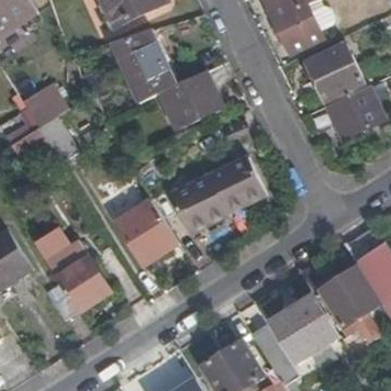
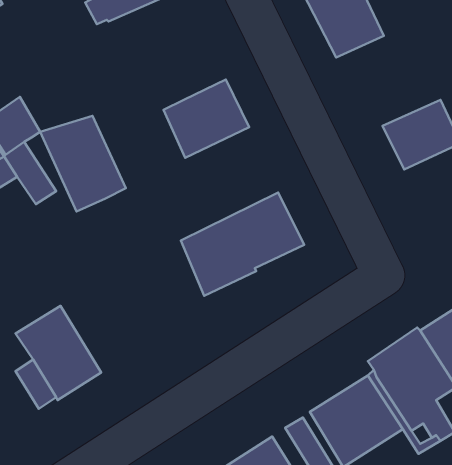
building: [109,30,174,102] -> [40,116,126,212]
building: [304,44,362,101] -> none
building: [114,199,178,266] -> none

